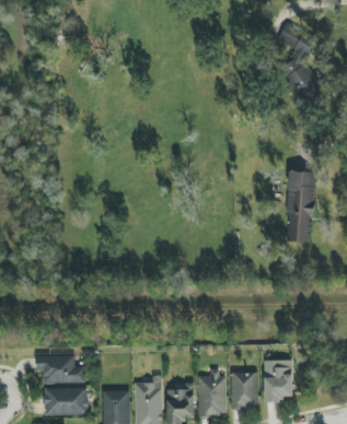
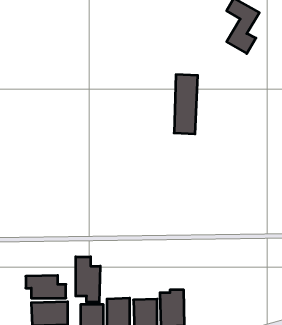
building: [286,172,314,243] -> [174,75,198,134]
building: none -> [76,257,100,302]
building: [263,361,294,401] -> none
building: [230,373,258,410] -> none

